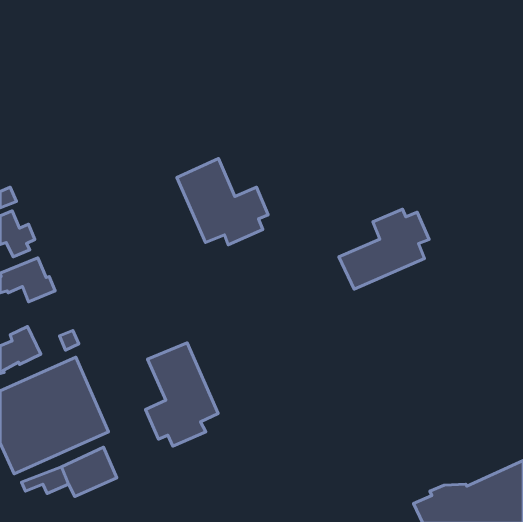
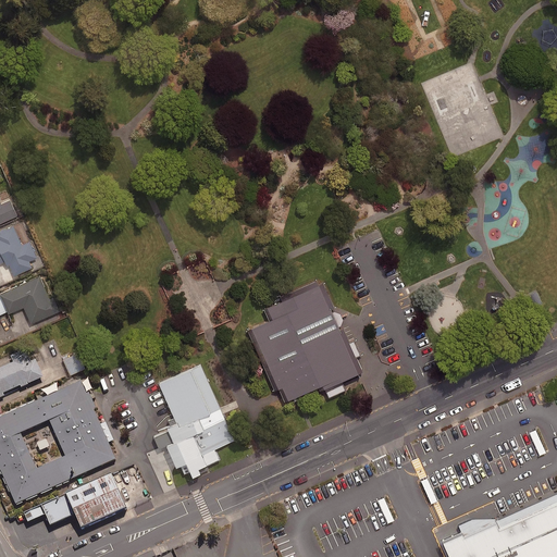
building: [177,158,268,245] -> none
building: [339,209,429,289] -> none
building: none -> [247,278,361,399]

